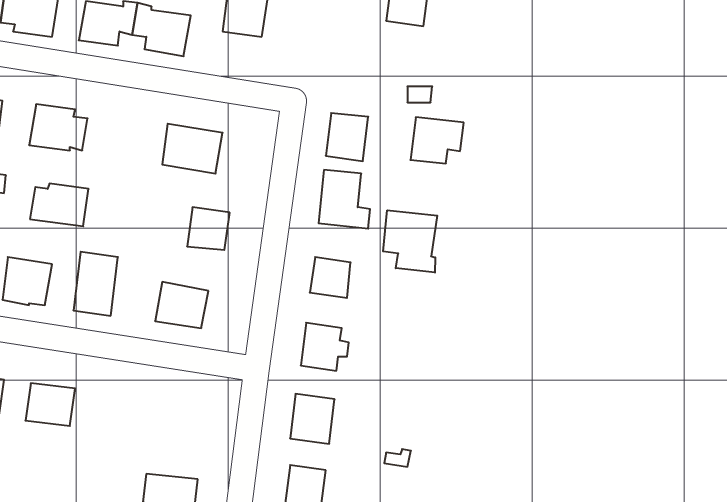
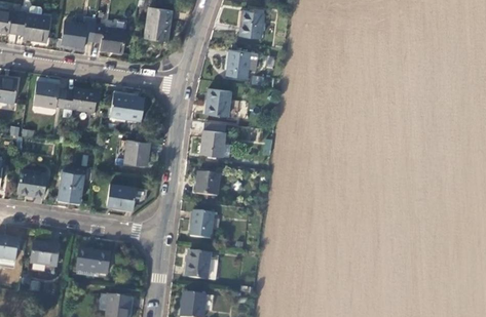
building: [410,117,464,163] -> [227,48,258,75]
building: [30,184,89,226] -> [64,87,98,112]
building: [383,210,437,273] -> none
building: none -> [76,248,110,278]

